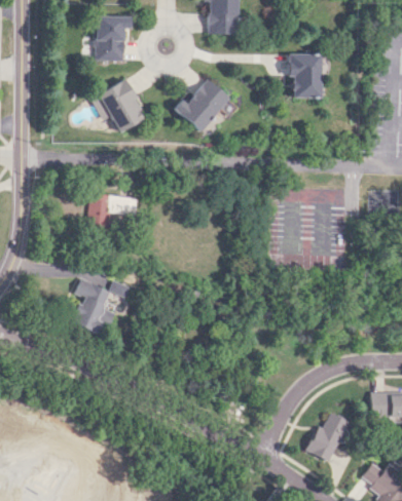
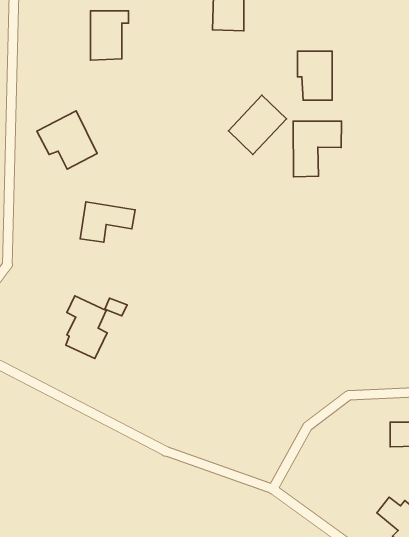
building: [176,77,229,131] -> [228,95,287,154]
building: [92,79,147,132] -> [37,111,97,169]
building: none -> [293,121,342,177]
building: [307,411,349,462] -> none

